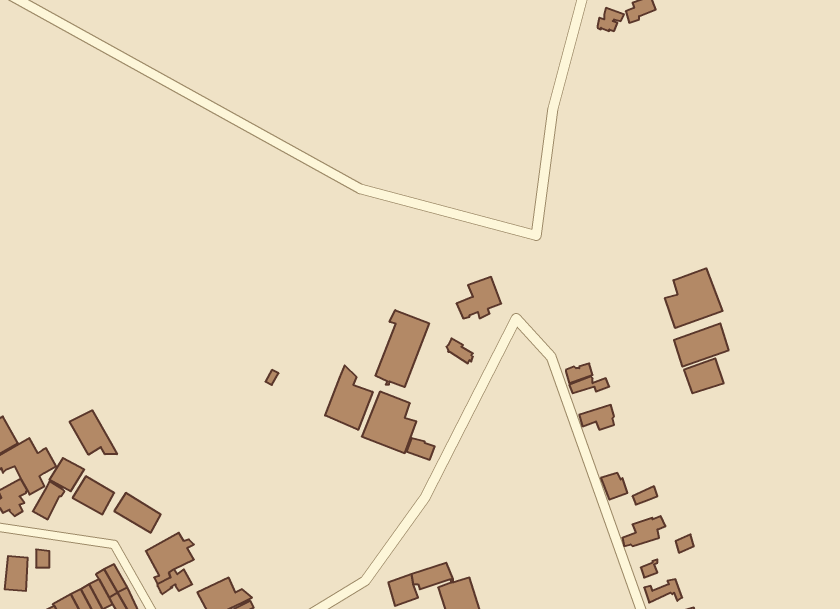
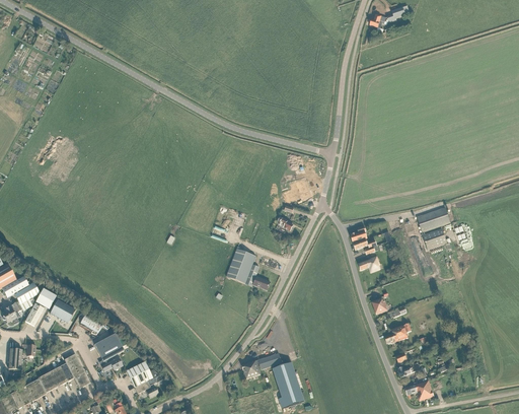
building: [665,268,723,328] -> none
building: [375,310,429,387] -> none
building: [325,365,373,430] -> none
building: [70,410,117,455] -> none

